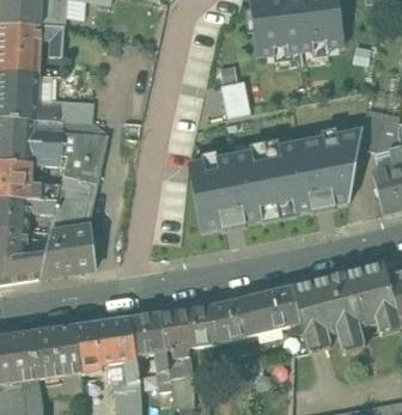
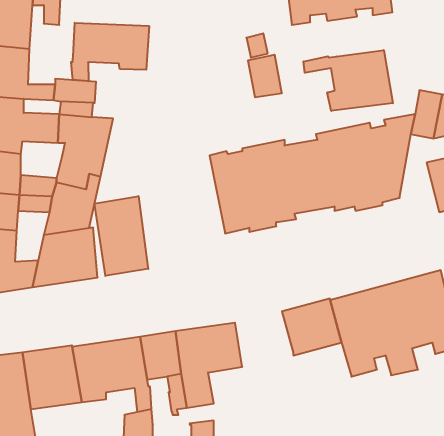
building: none -> [71,23,149,81]
building: none -> [304,50,393,111]
building: none -> [94,196,148,276]
building: [211,297,260,343] -> none

